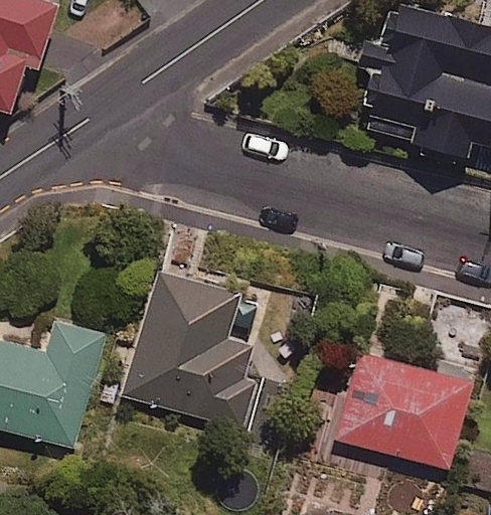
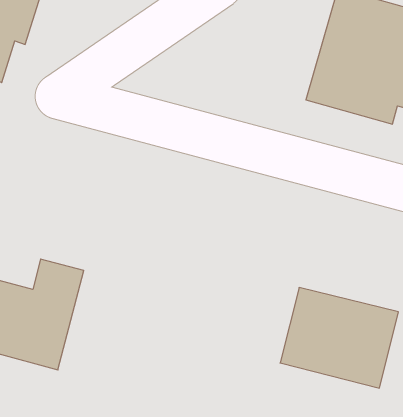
building: [122,271,267,427] -> none

